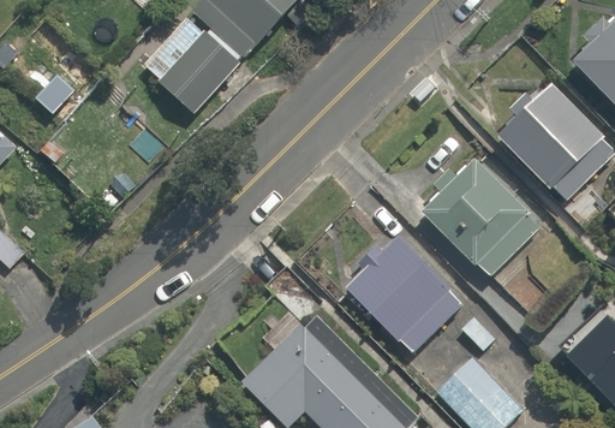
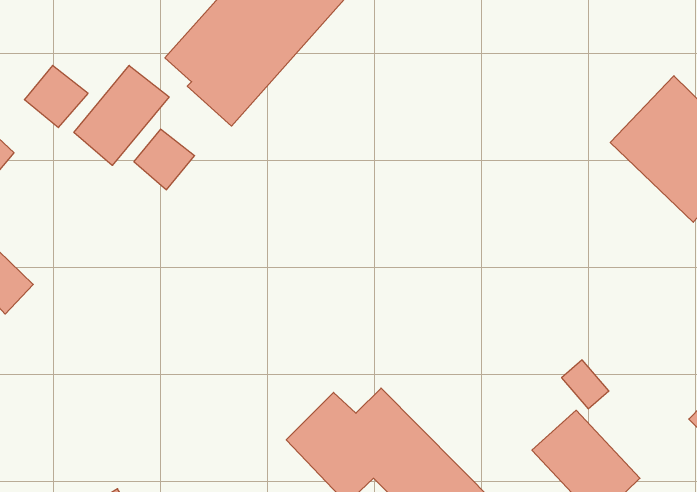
building: none -> [74,65,169,165]
building: [424,156,541,273] -> none
building: [346,232,466,355] -> none

